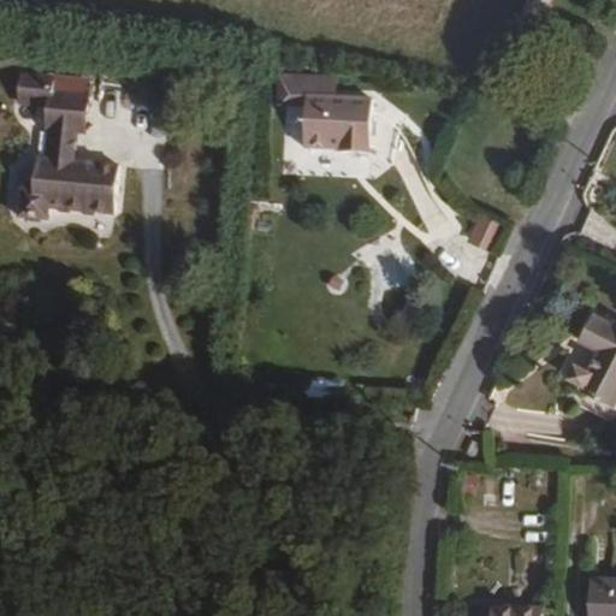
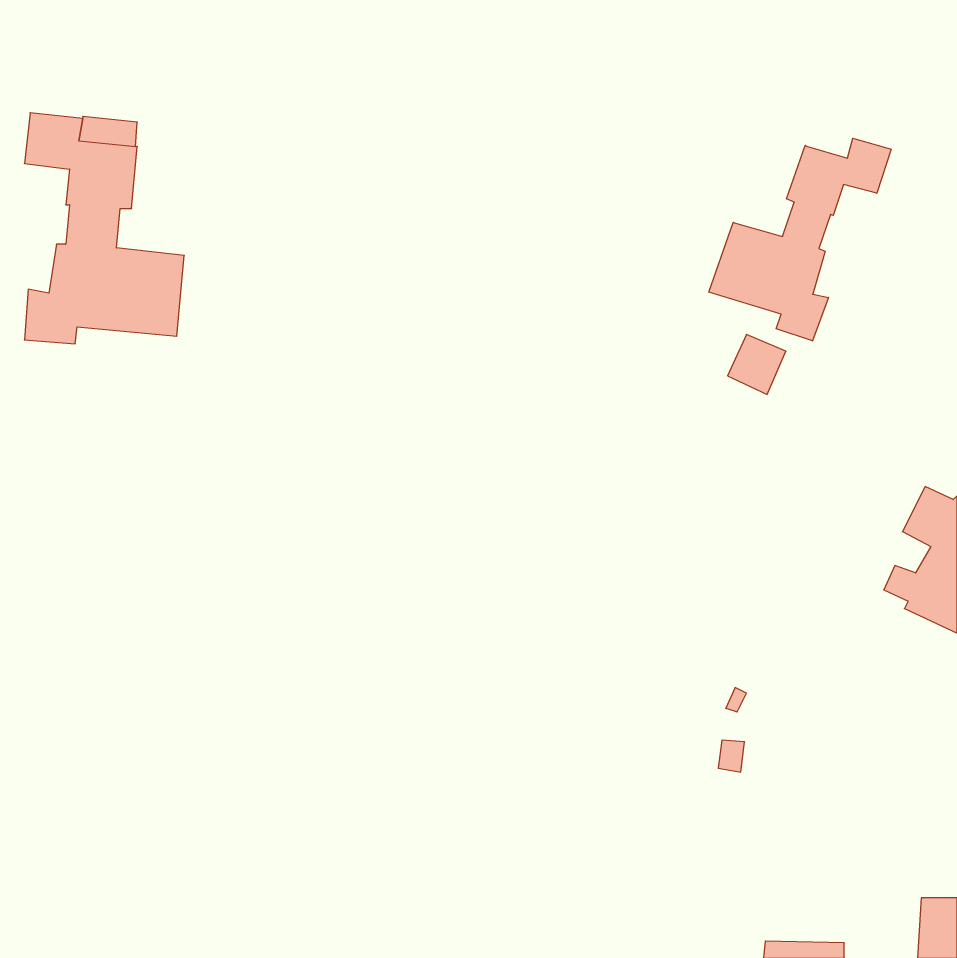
building: [276,73,372,154] -> none
building: none -> [709,138,891,341]

